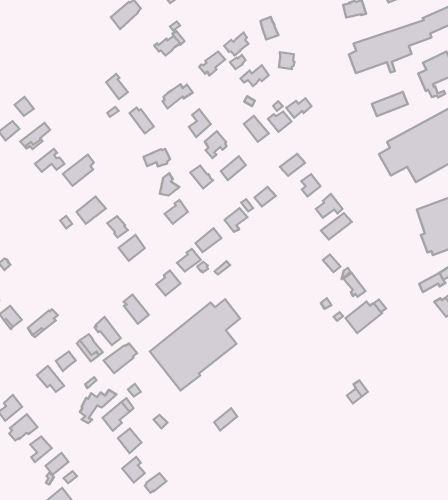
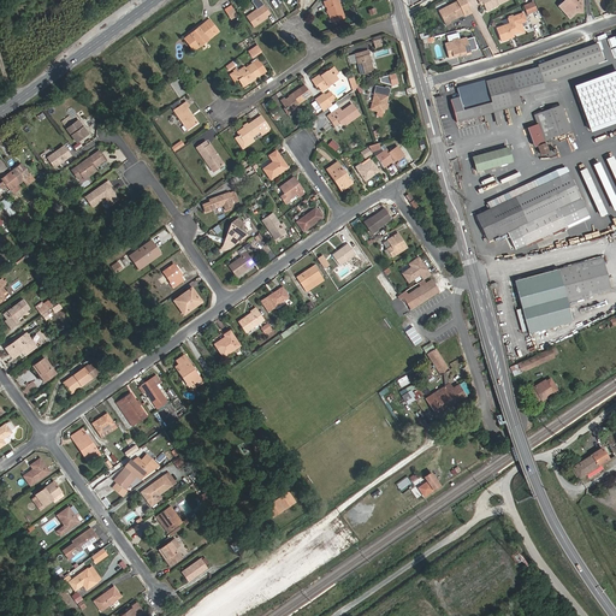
building: [63,154,94,186] -> none
building: [150,299,240,391] -> none
building: [103,344,137,373] -> none

